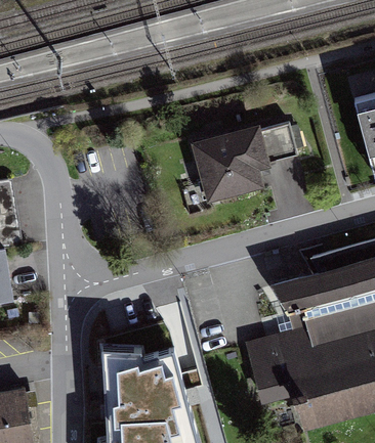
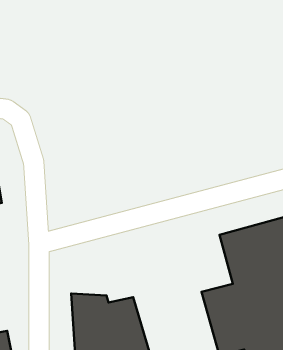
building: [183,118,291,194] -> none

